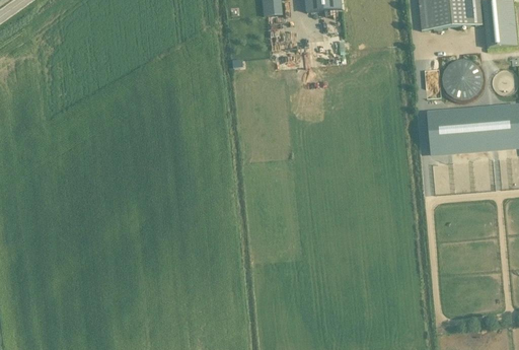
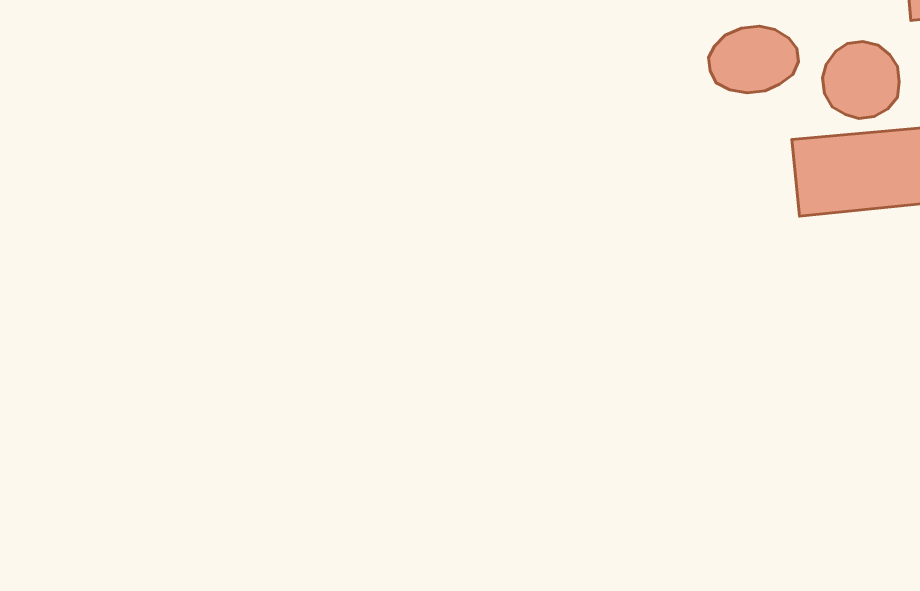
building: none -> [708,26,798,93]

